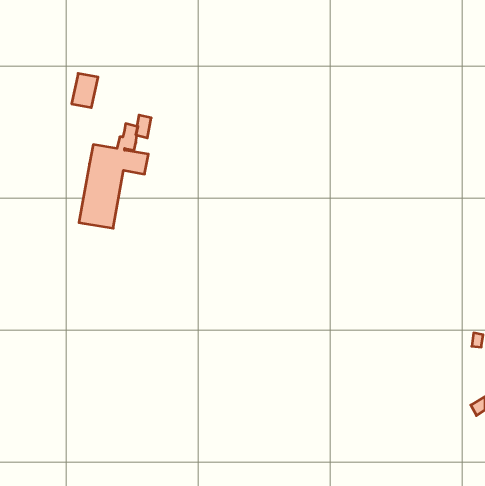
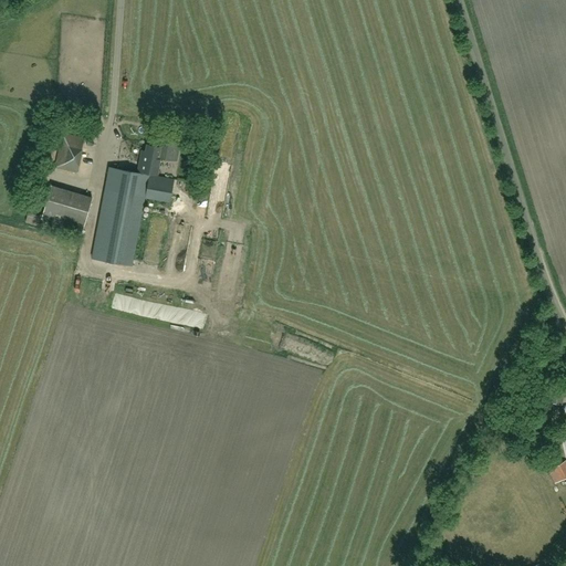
building: [72,73,98,108] -> [53,133,84,172]
building: none -> [40,185,92,231]

